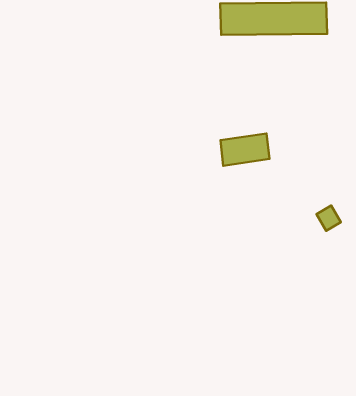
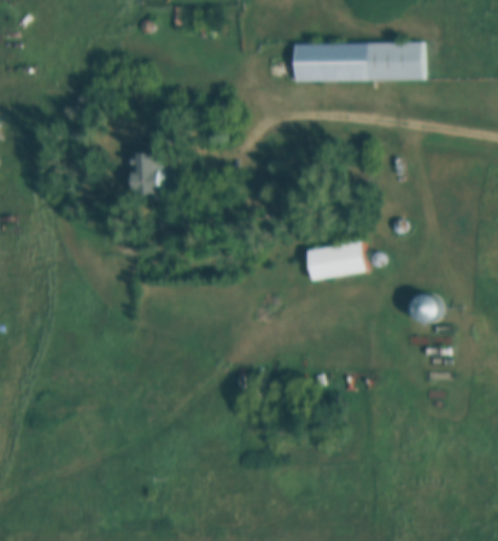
building: none -> [130,152,159,195]
building: [220,133,269,166] -> [306,241,367,281]

